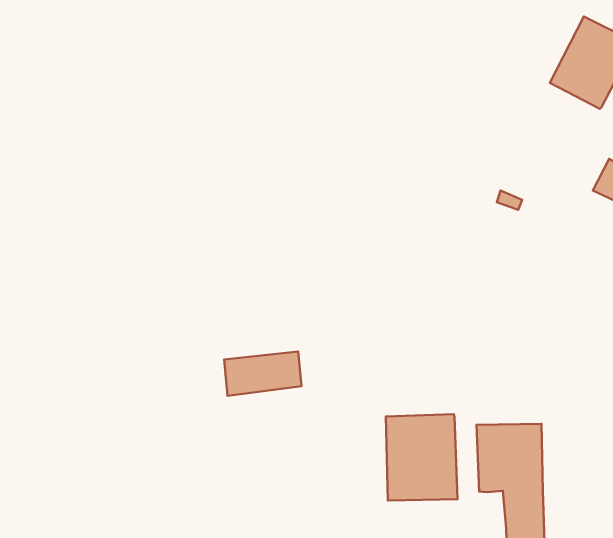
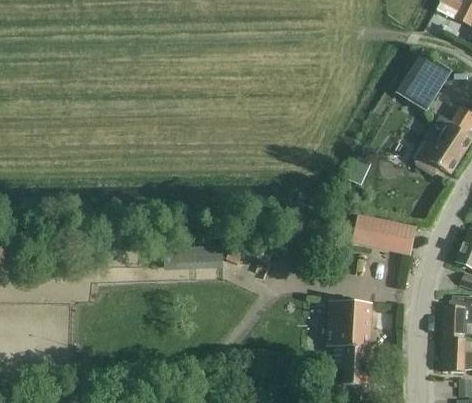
building: none -> [355,216,415,251]
building: [386,414,458,501] -> none

